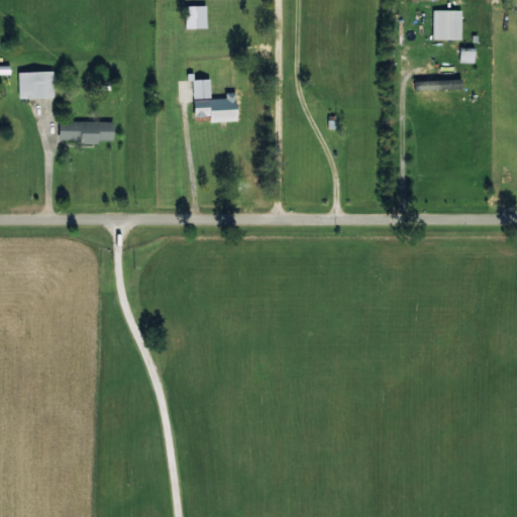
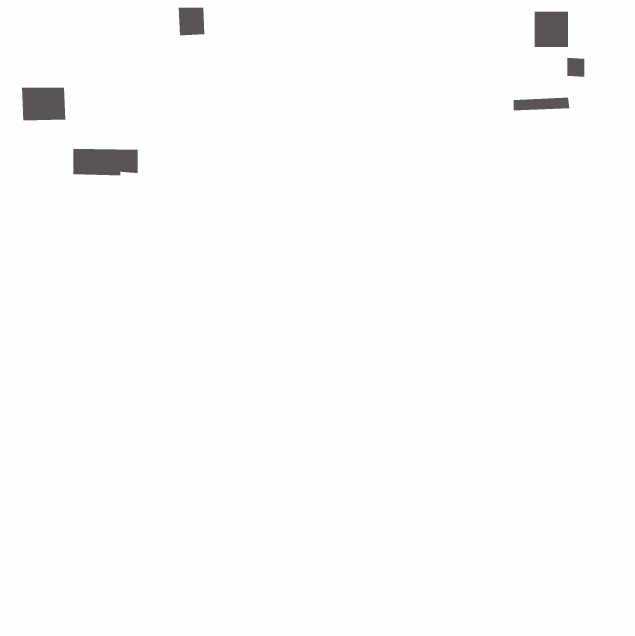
building: [186,6,208,29] -> [178,7,205,36]
building: [194,80,238,122] -> none

